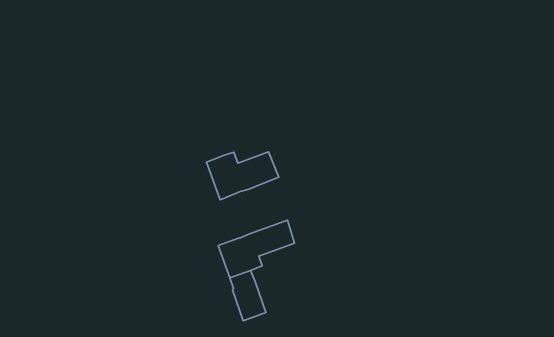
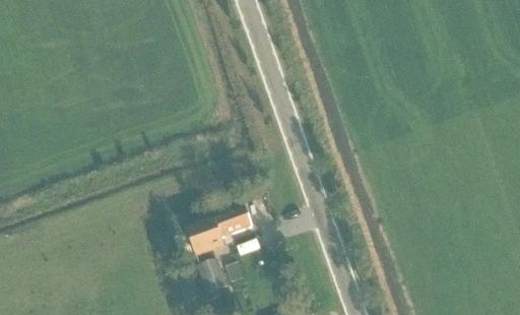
building: [206,152,279,200] -> none

